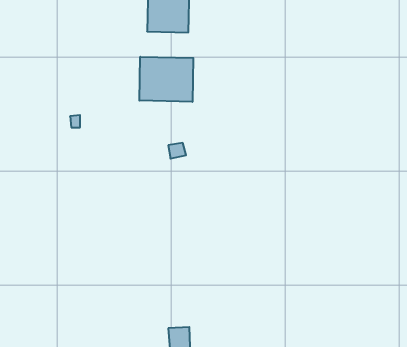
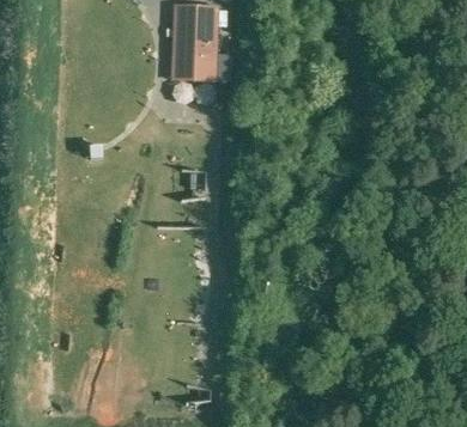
building: [139,57,193,102] -> none

